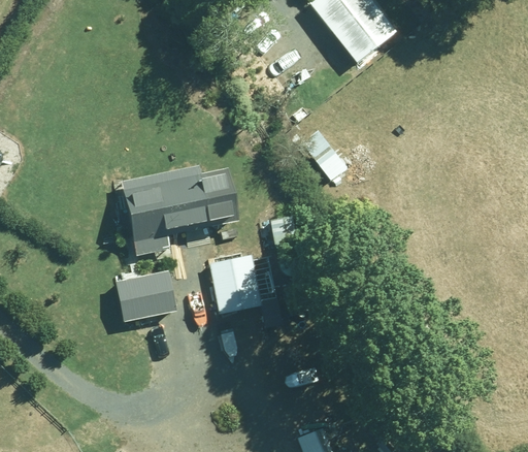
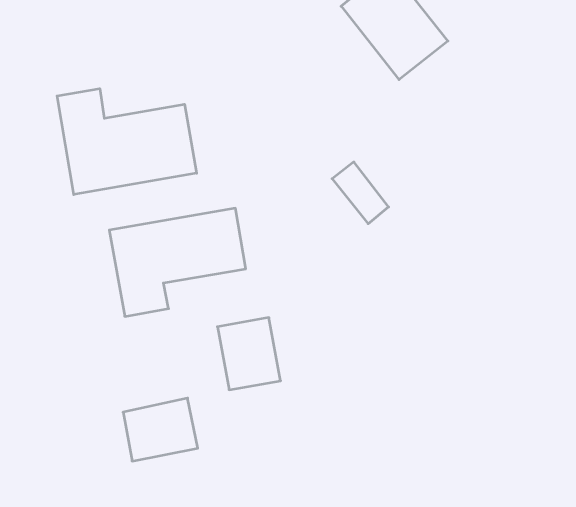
building: none -> [57,89,197,195]
building: [117,269,176,320] -> [123,398,198,461]

